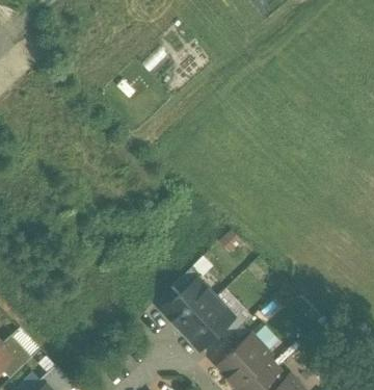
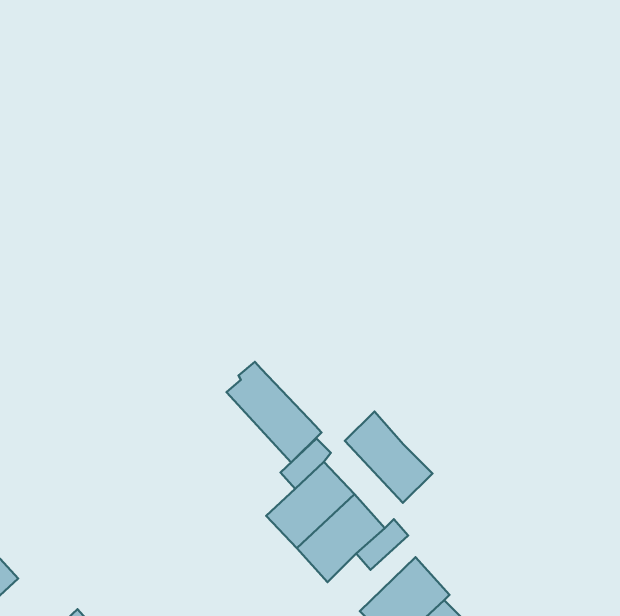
building: none -> [226,362,322,462]
building: none -> [345,412,433,503]

